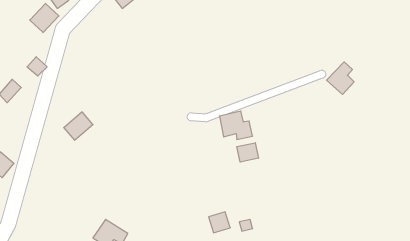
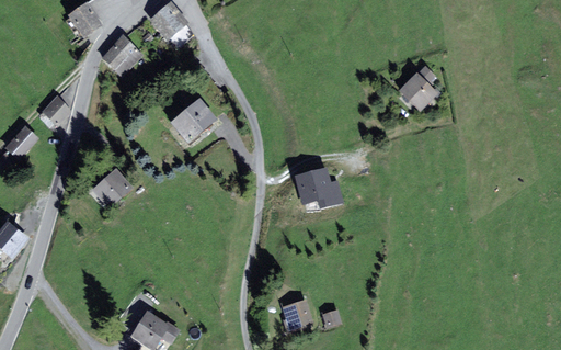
building: [30,3,59,33] -> [104,36,142,75]
building: none -> [171,99,217,143]
building: [327,62,354,94] -> [400,66,436,109]
building: [237,143,258,162] -> none

